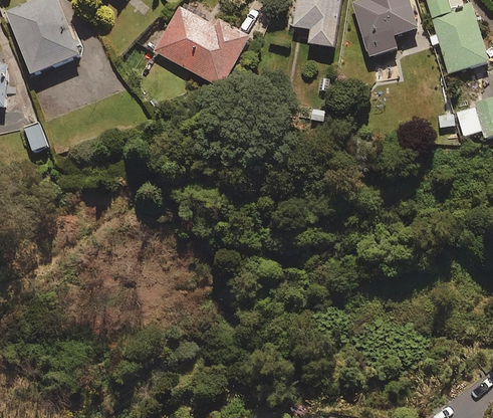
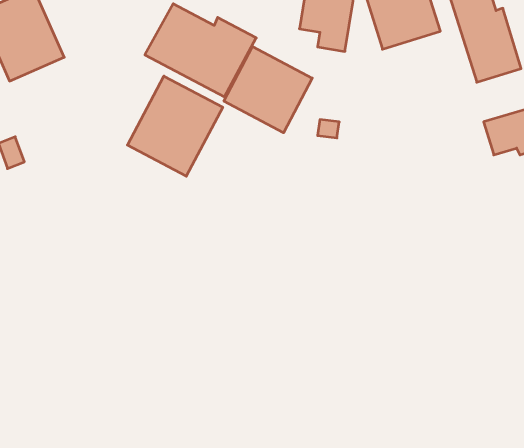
building: none -> [224,47,312,133]
building: none -> [127,76,223,176]

